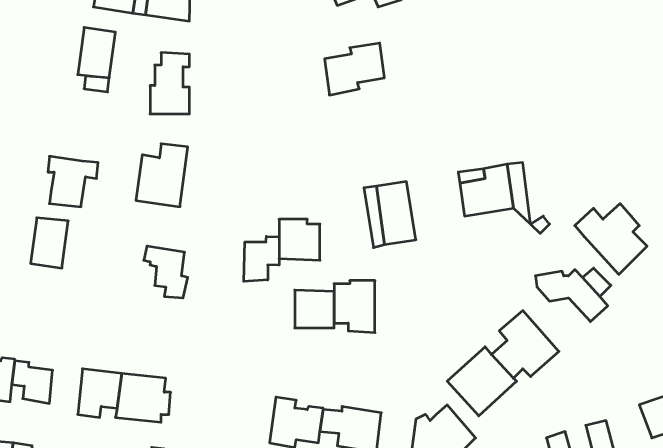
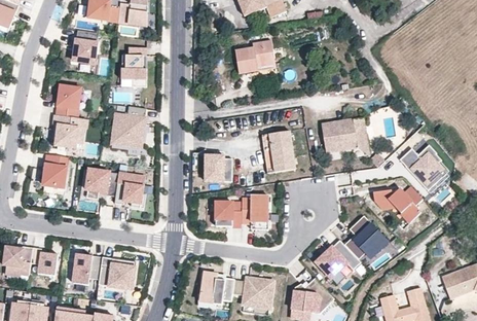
building: none -> [56,85,80,117]
building: [244,236,279,281] -> none
building: none -> [85,169,118,197]

